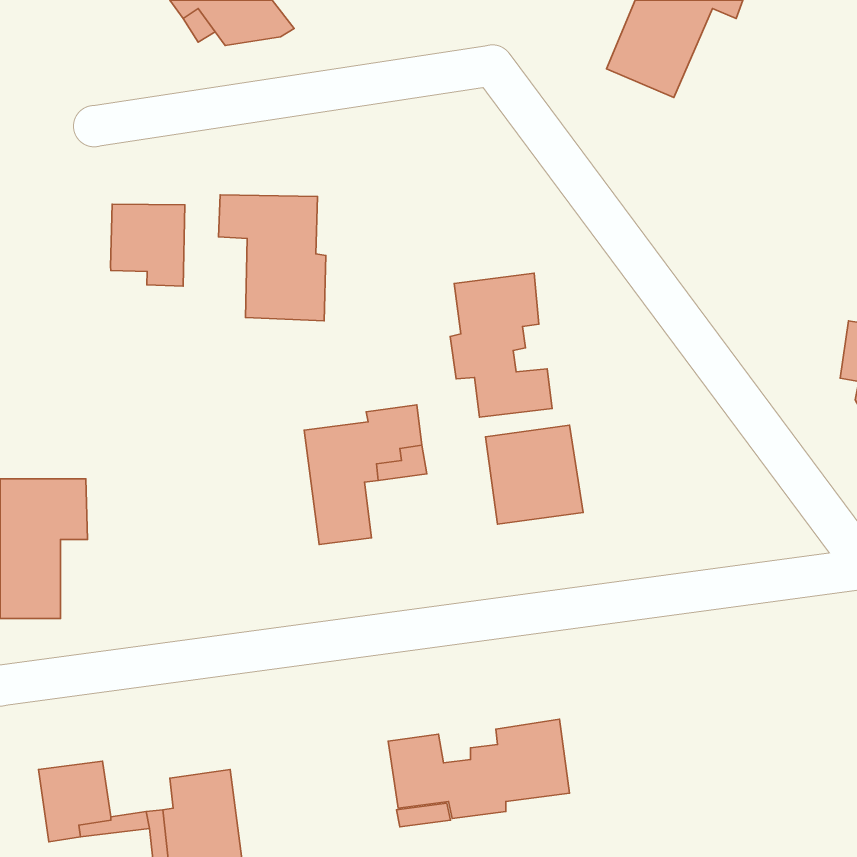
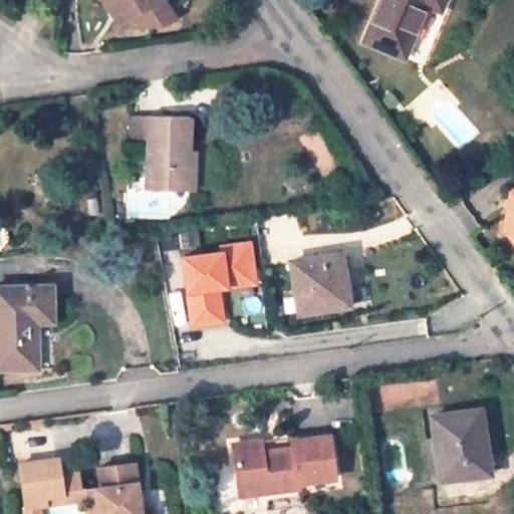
building: [110,204,185,286] -> none
building: [450,273,552,417] -> none
building: none -> [431,412,488,479]

